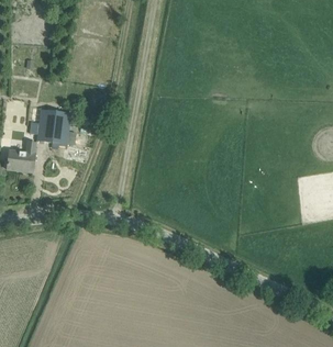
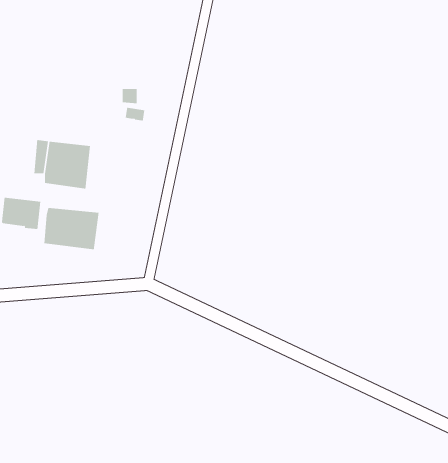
building: none -> [44,207,99,250]

